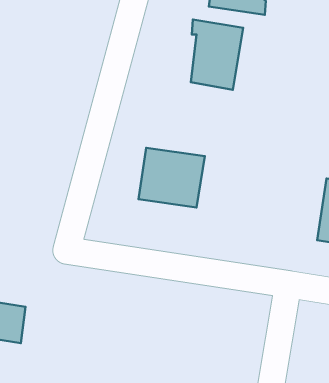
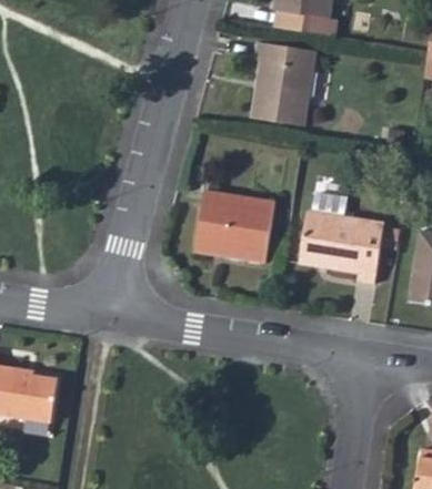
building: none -> [301,192,383,283]

